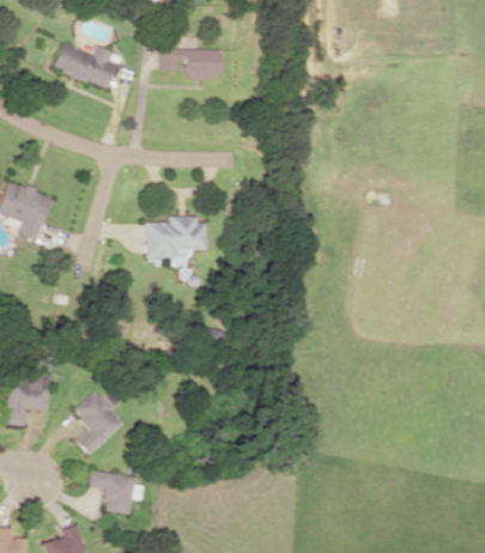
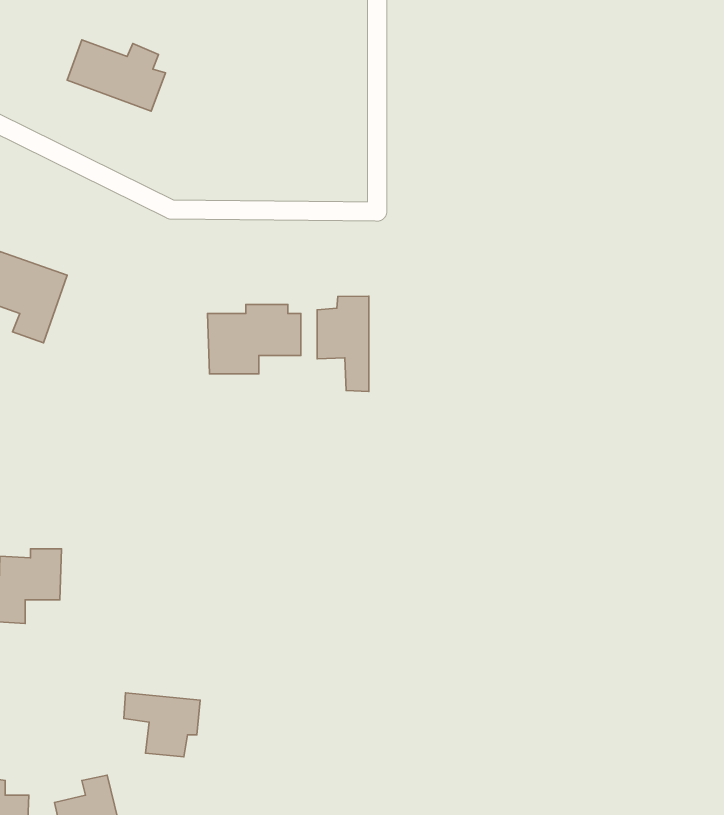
building: [159,48,220,79] -> none
building: none -> [317,296,369,391]
building: [73,390,125,455] -> none

